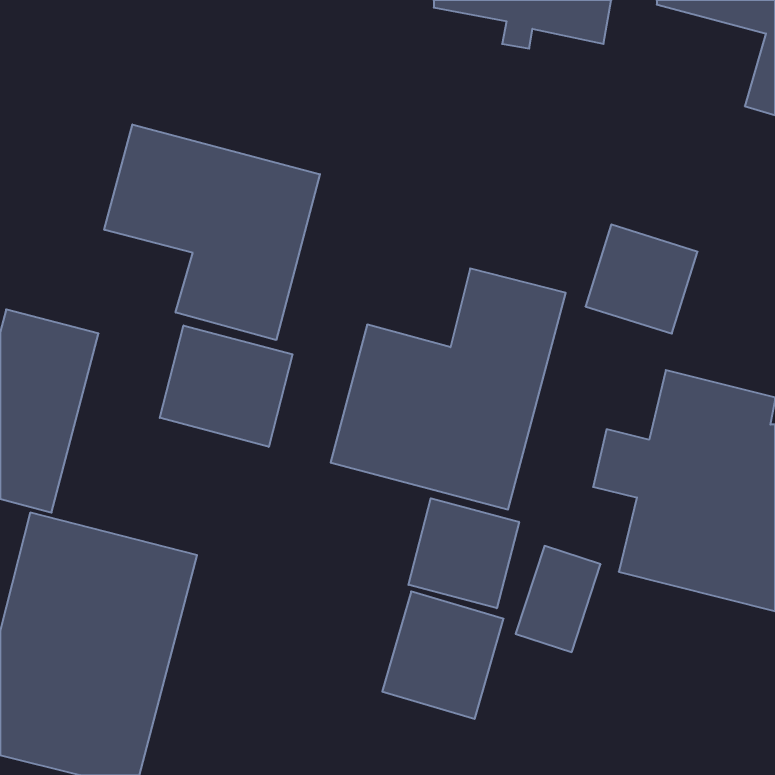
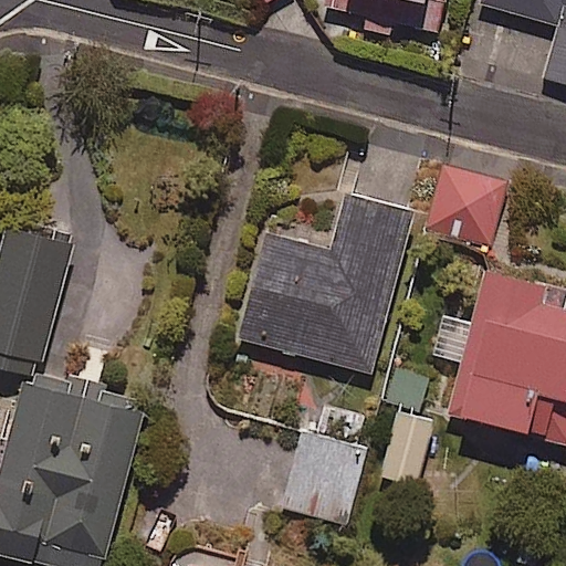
building: [104,124,320,340] -> none
building: [160,325,293,447] -> none
building: [408,498,519,608] -> none

